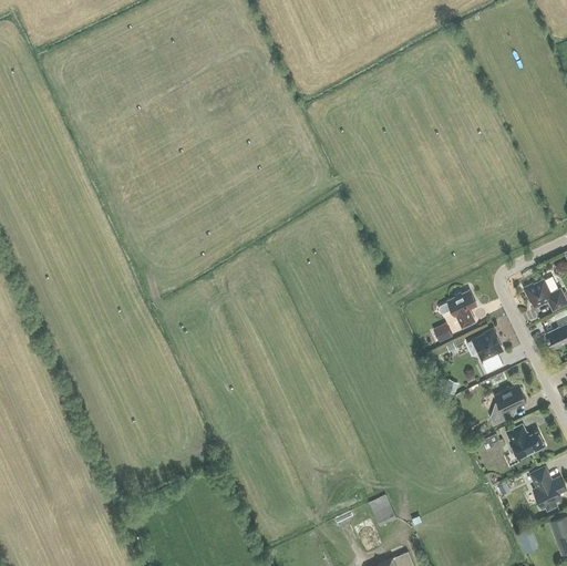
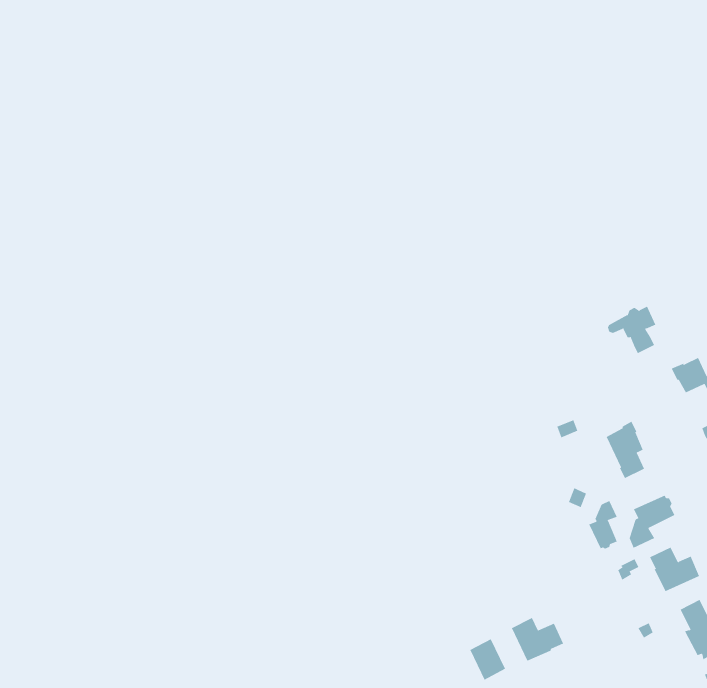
building: [439,291,476,328] -> [607,306,656,354]
building: none -> [589,500,618,550]
building: none -> [511,617,564,662]

